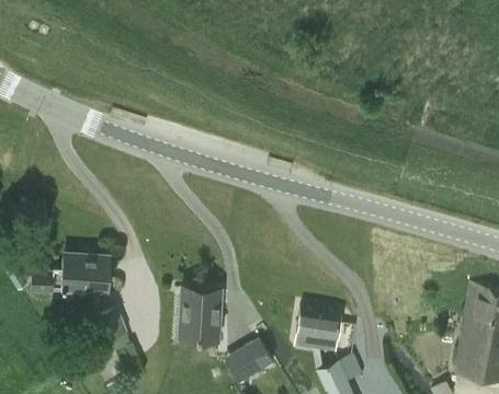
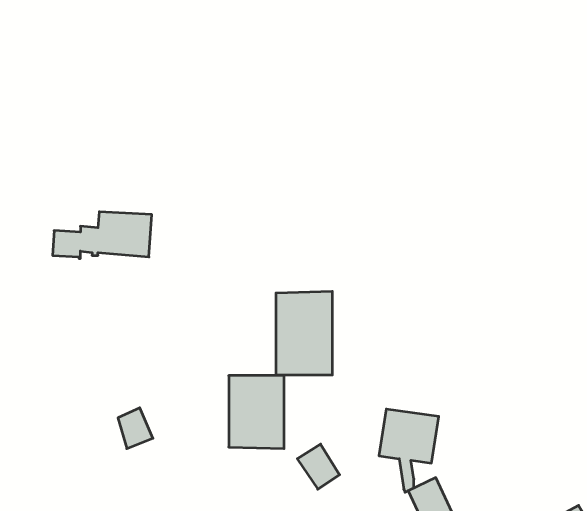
building: none -> [276,291,332,375]
building: [33,258,107,293] -> [53,212,152,258]

